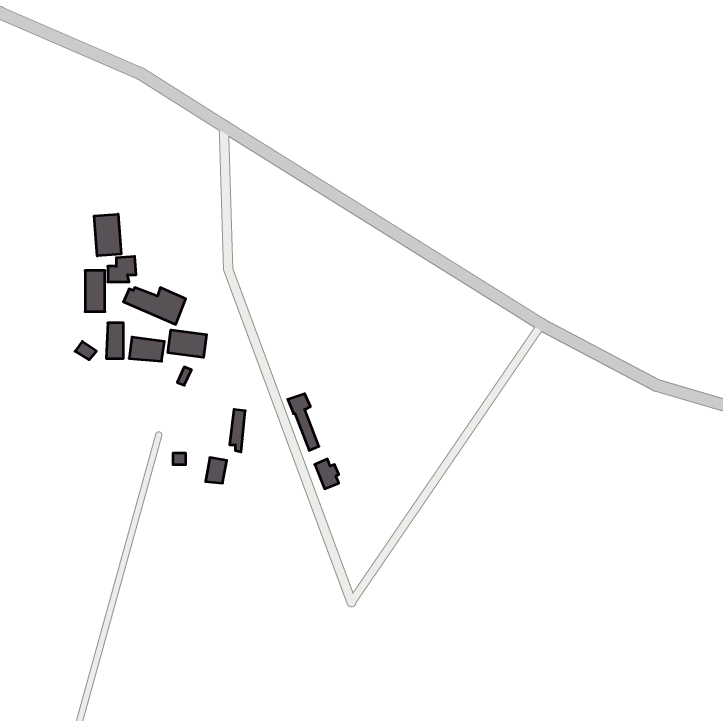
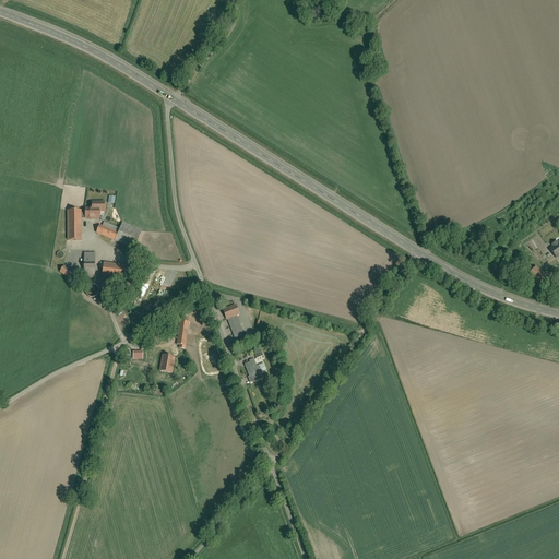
building: [94,214,121,256] -> none
building: [168,330,207,357] -> none

